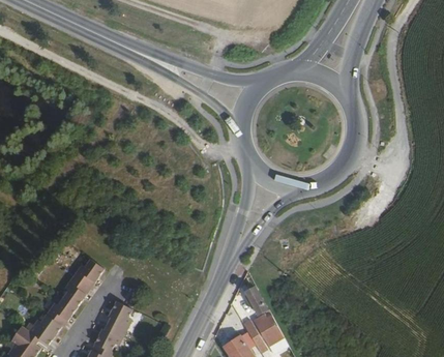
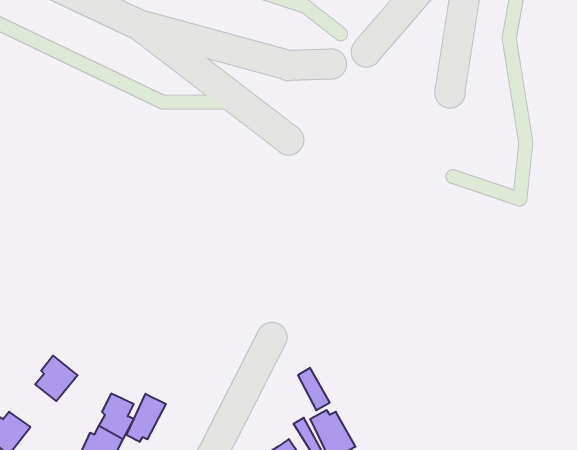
building: [78,262,108,290] -> none
building: [48,296,80,327] -> none
building: none -> [126,394,166,442]

